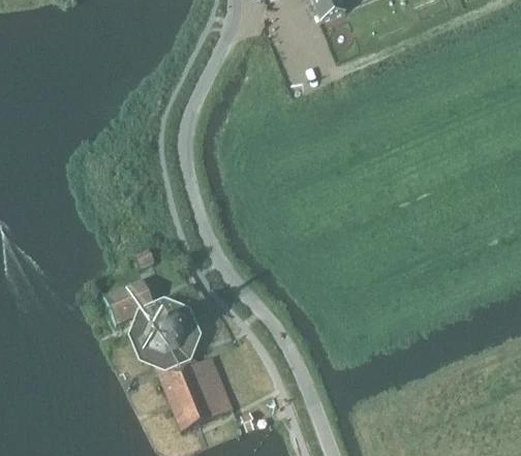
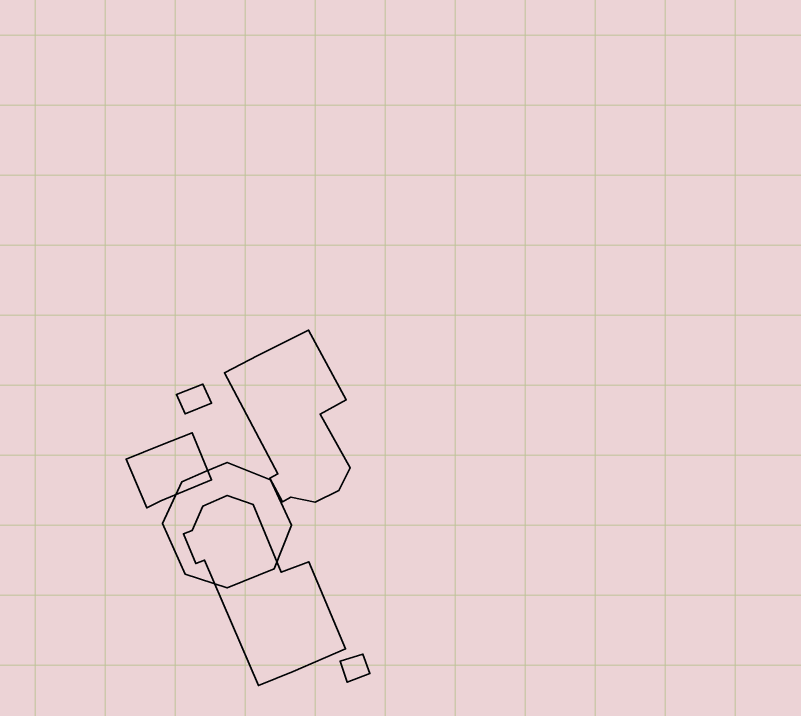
building: none -> [225,330,350,502]

